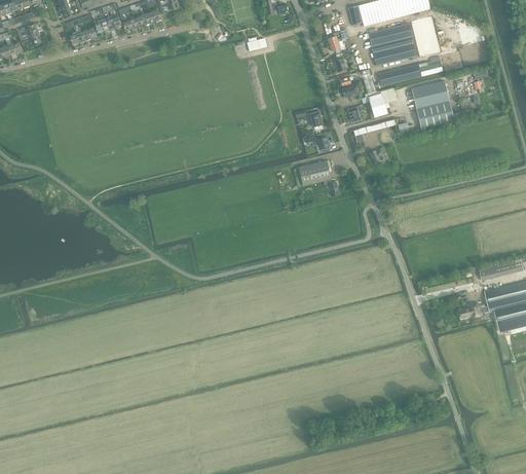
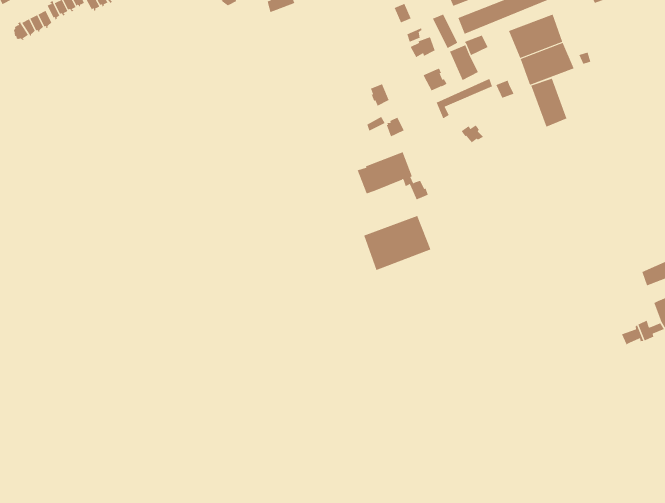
building: none -> [530,78,567,127]
building: none -> [364,215,431,271]

